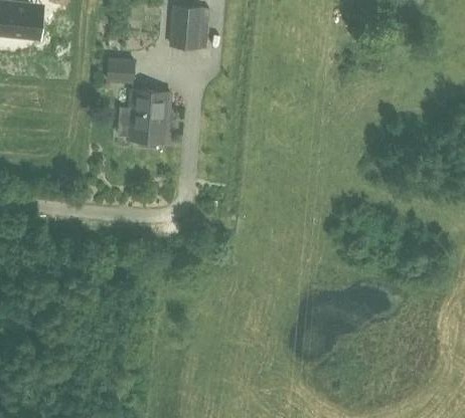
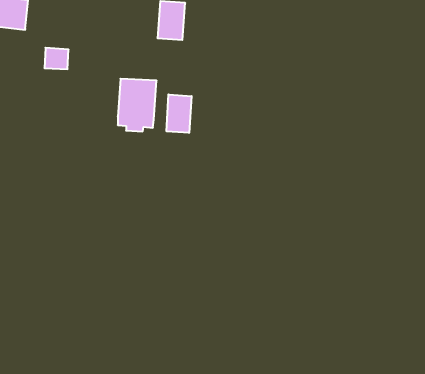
building: [108,59,134,82] -> [44,48,69,69]
building: none -> [167,94,192,133]

